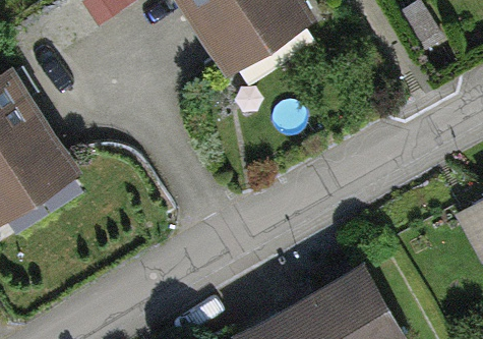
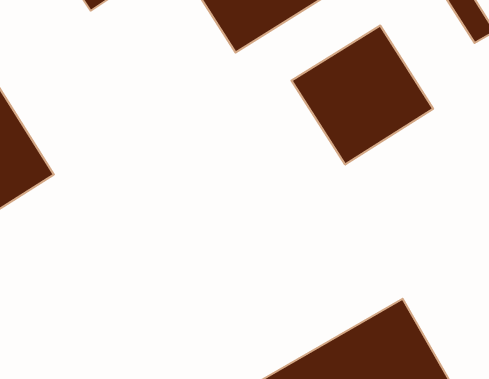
building: none -> [291,25,433,165]

